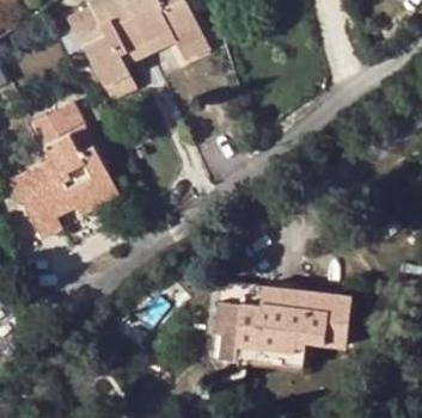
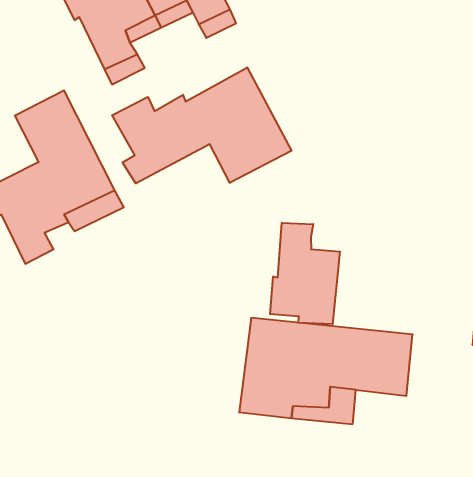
building: none -> [112,67,292,183]
building: none -> [270,223,340,324]

